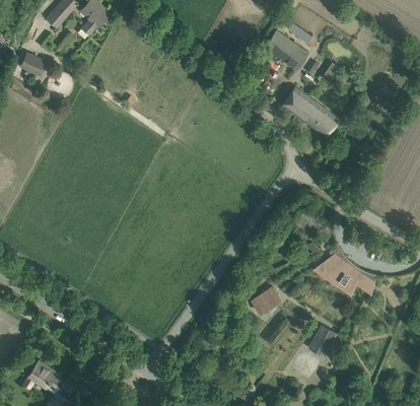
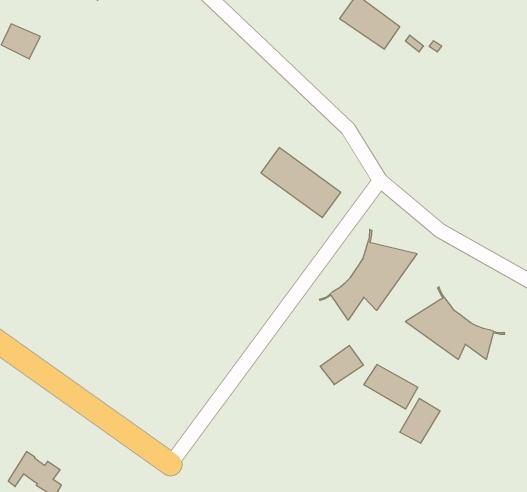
building: [281,86,339,137] -> [261,148,341,218]
building: none -> [320,229,417,320]
building: none -> [364,364,418,409]

